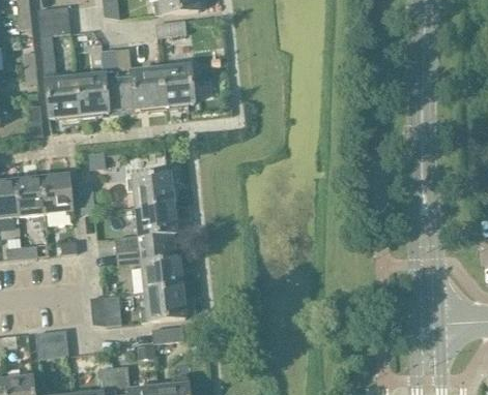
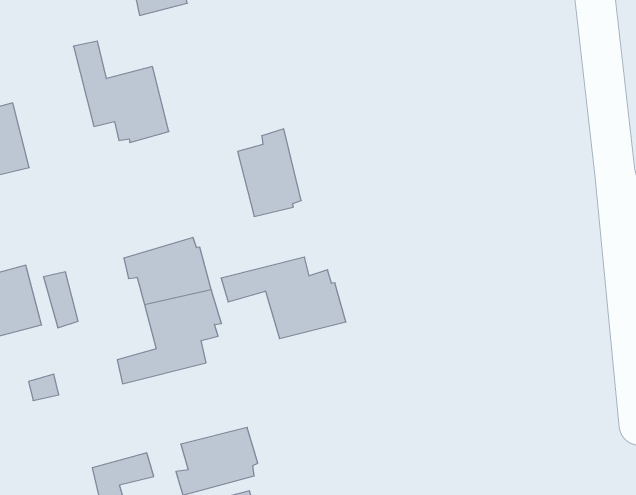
building: [75,49,120,116] -> none
building: [160,58,193,107] -> [238,129,301,216]
building: [115,245,184,291] -> [221,257,346,339]

